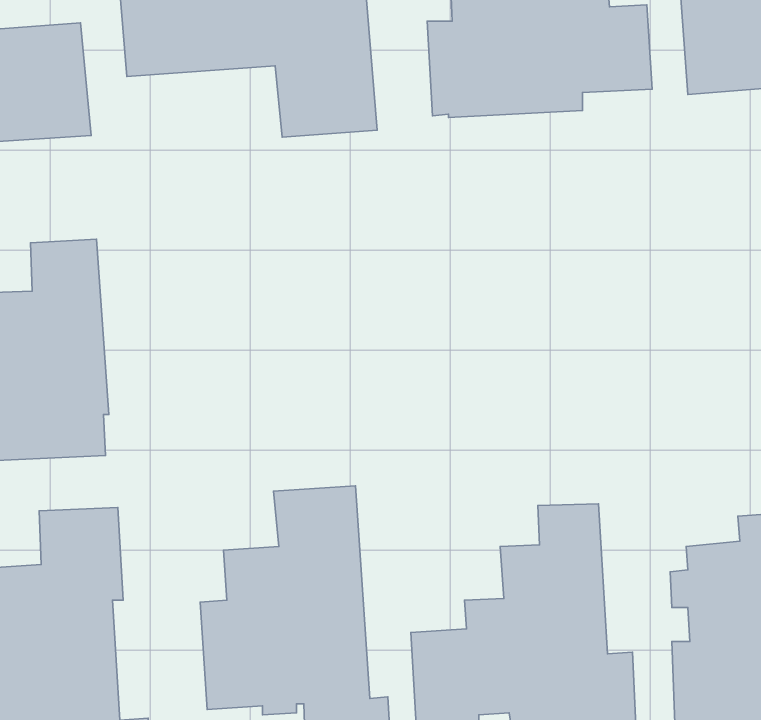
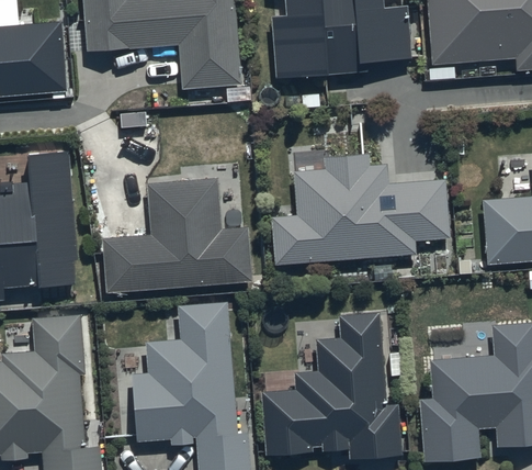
building: none -> [272,154,449,264]
building: none -> [103,178,252,293]

